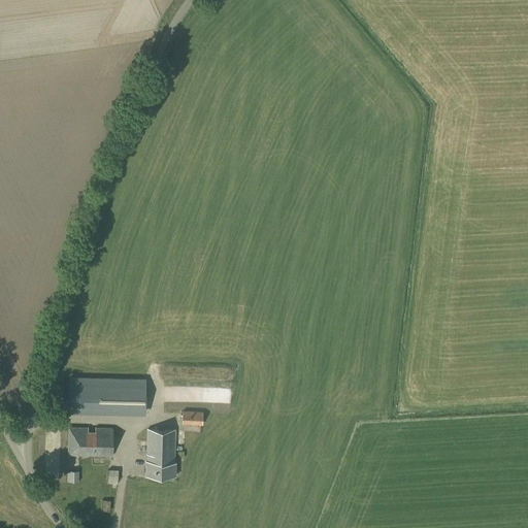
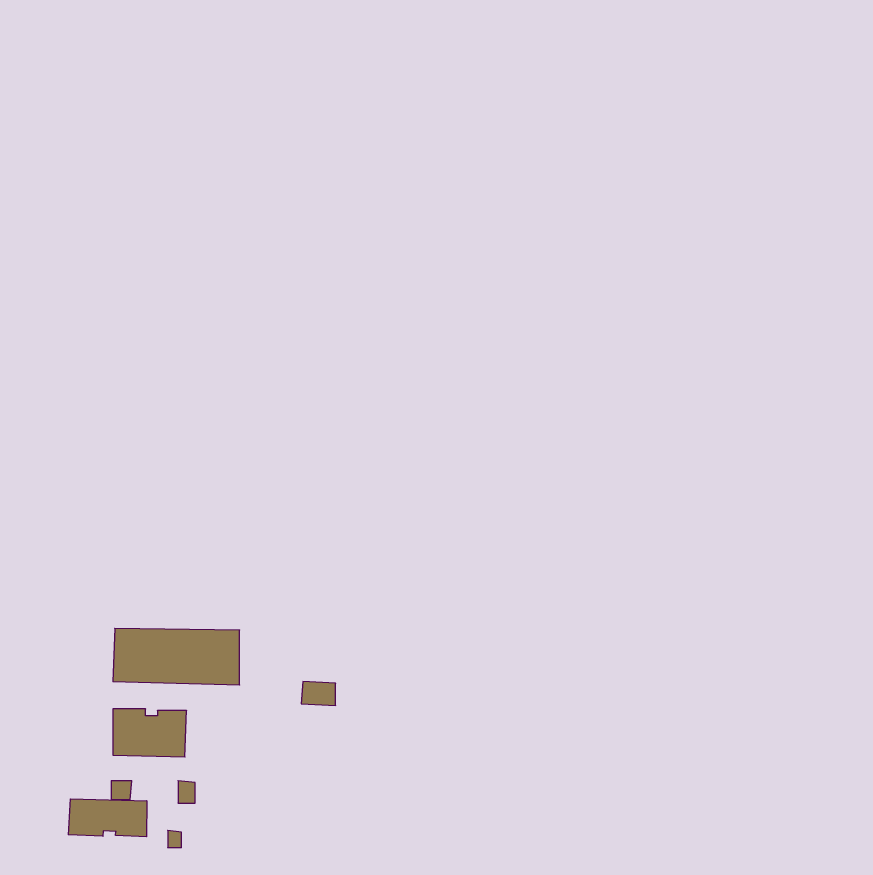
building: [146,429,176,475] -> none
building: none -> [68,799,147,837]

